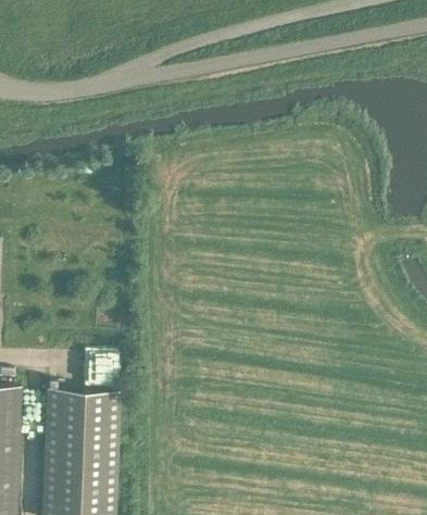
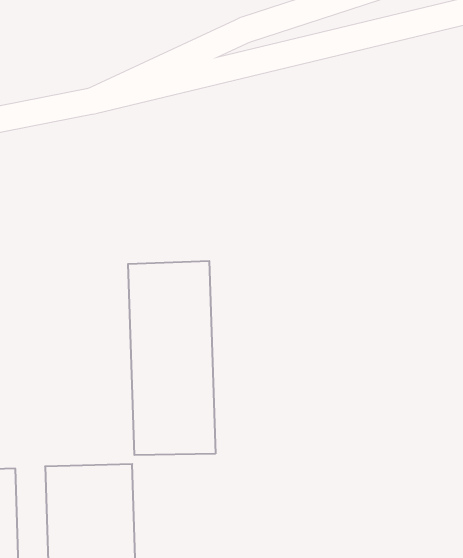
building: none -> [128,261,215,455]

